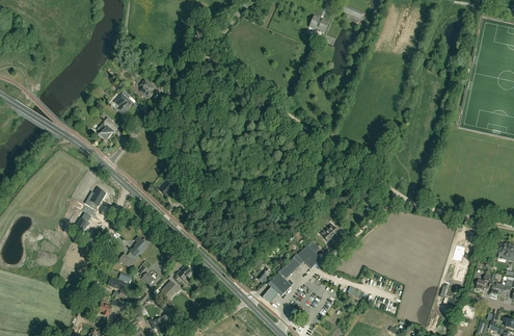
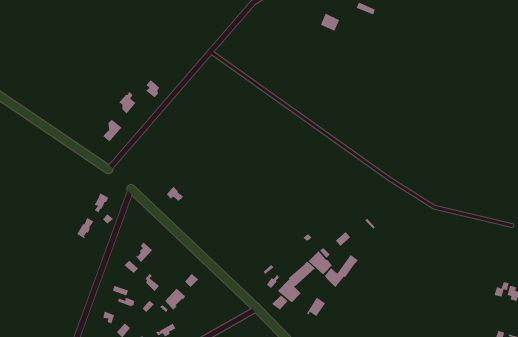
building: none -> [324,254,359,288]

